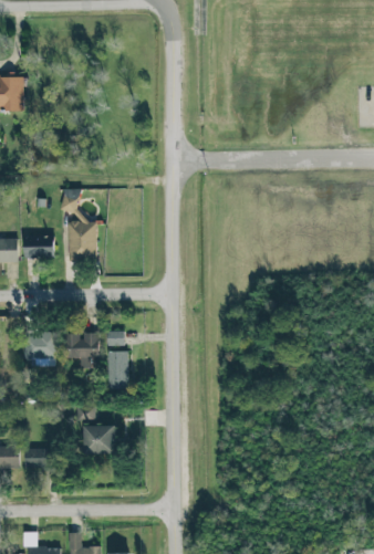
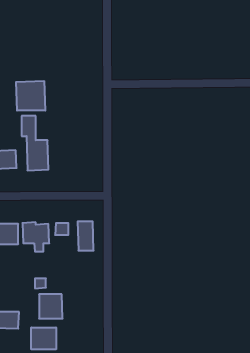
building: none -> [16,81,45,111]
building: [107,351,128,389] -> [78,221,94,251]
building: none -> [31,327,56,349]

